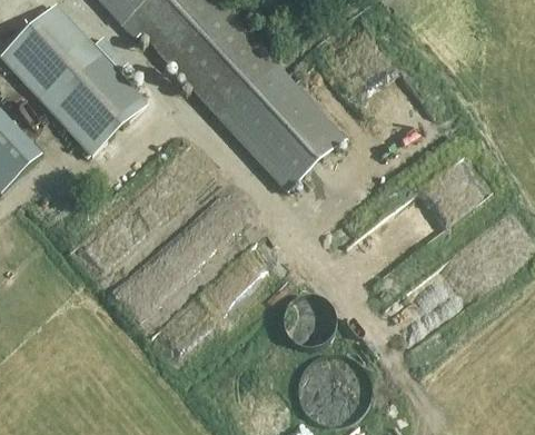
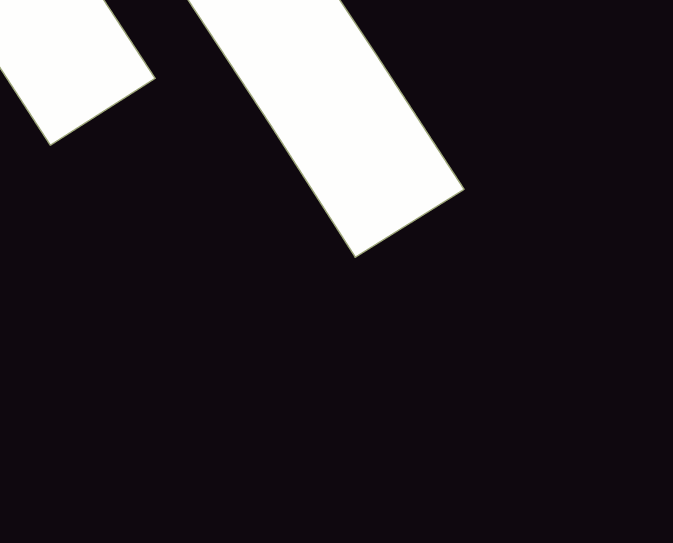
building: [281,294,335,347] -> none

